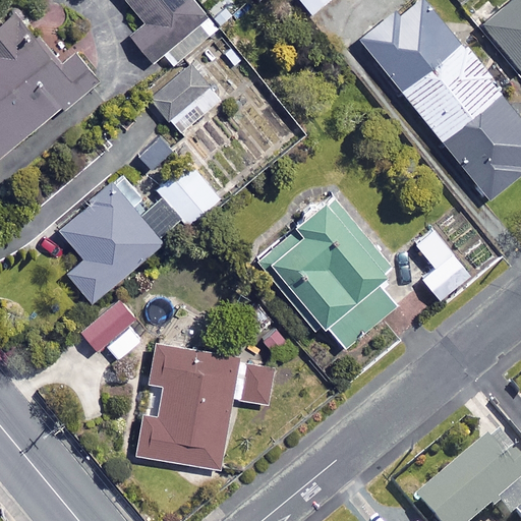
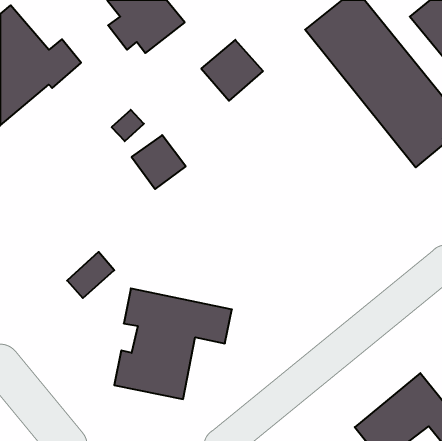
building: [150,64,222,135] -> [201,40,263,101]
building: [60,185,178,302] -> none
building: [258,194,394,347] -> none
building: [416,232,472,303] -> none

